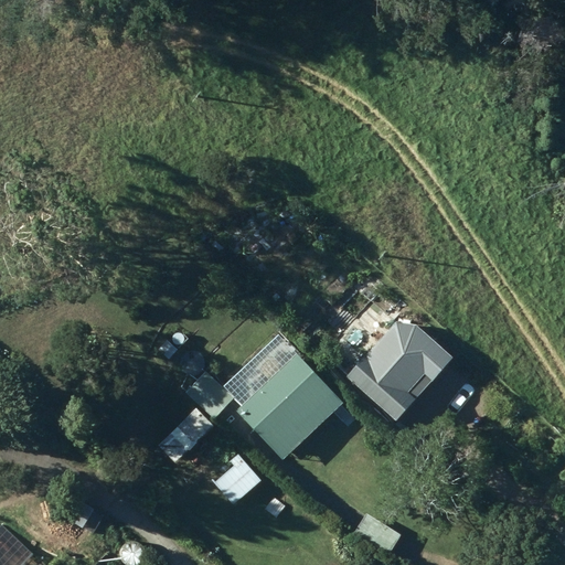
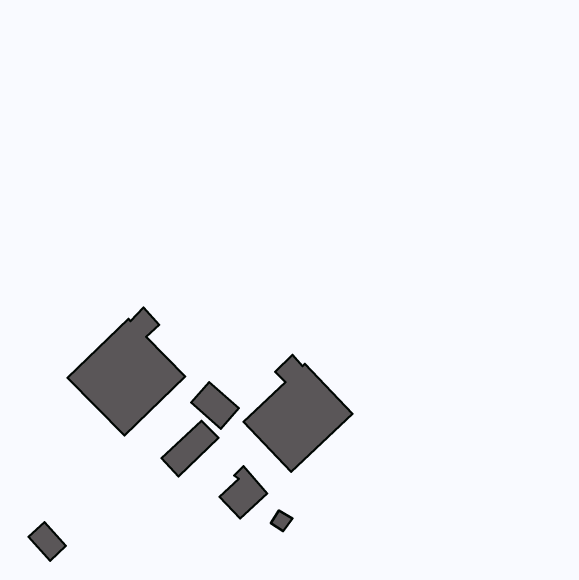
building: none -> [68,308,185,436]
building: [347,322,452,419] -> none

